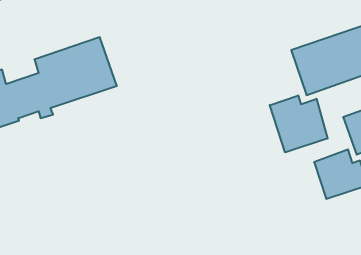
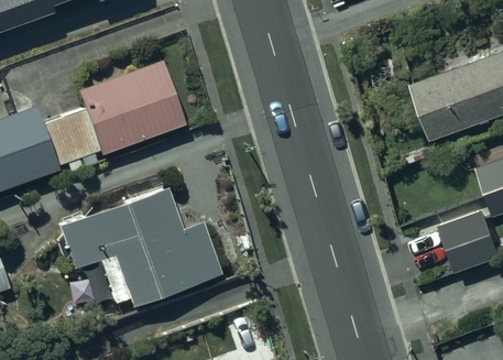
building: [270,95,328,152] -> none
building: none -> [58,188,221,307]

